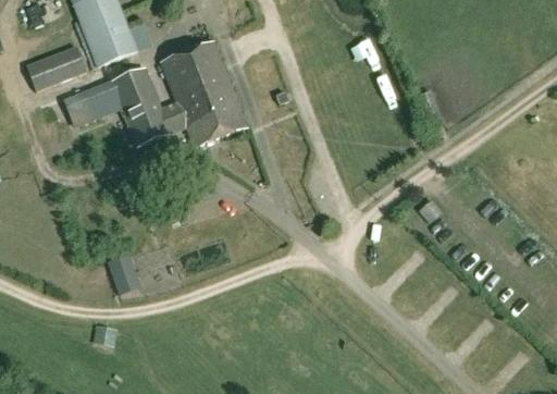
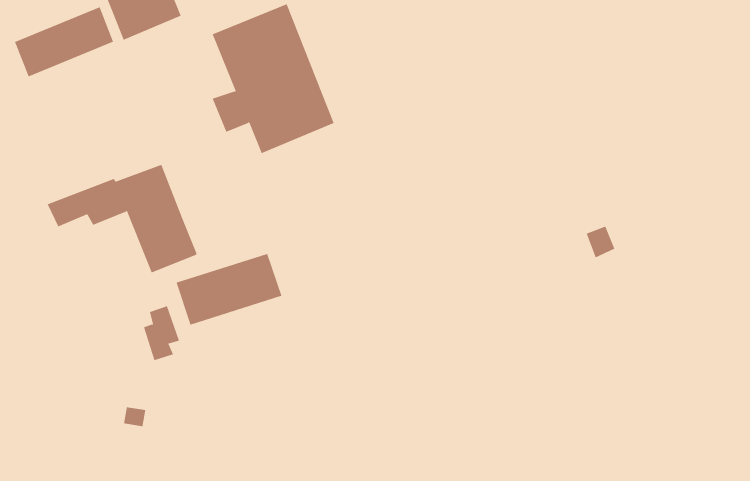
building: [63,69,170,146] -> [47,164,197,273]
building: none -> [176,253,282,325]

